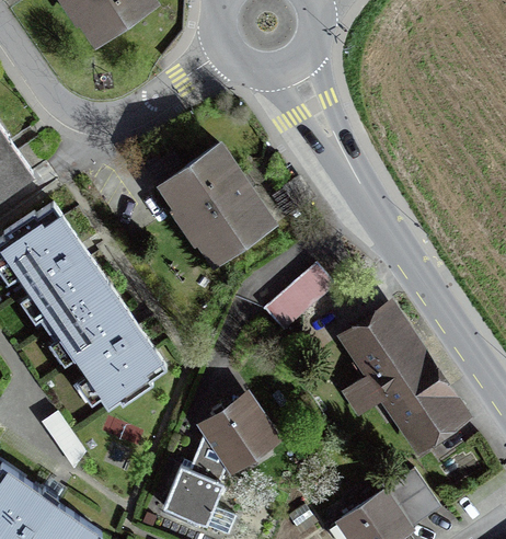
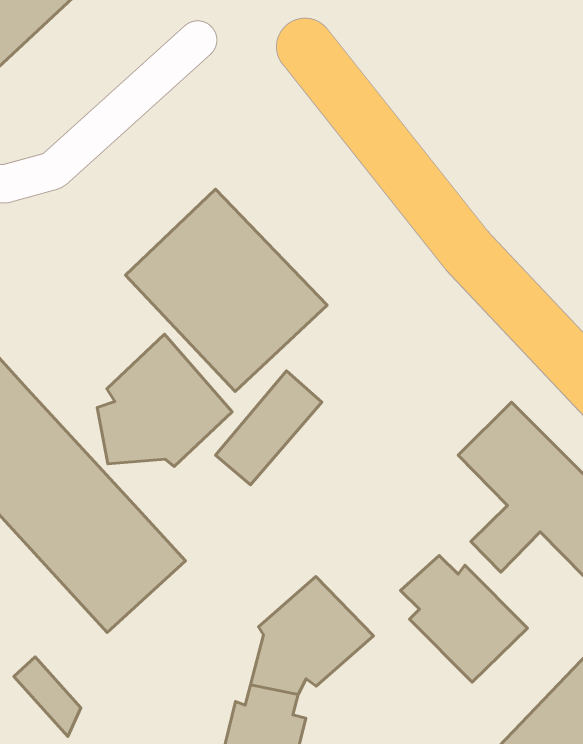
building: none -> [97,334,232,466]
building: [263,267,334,334] -> [216,371,322,485]
building: none -> [400,556,527,682]

